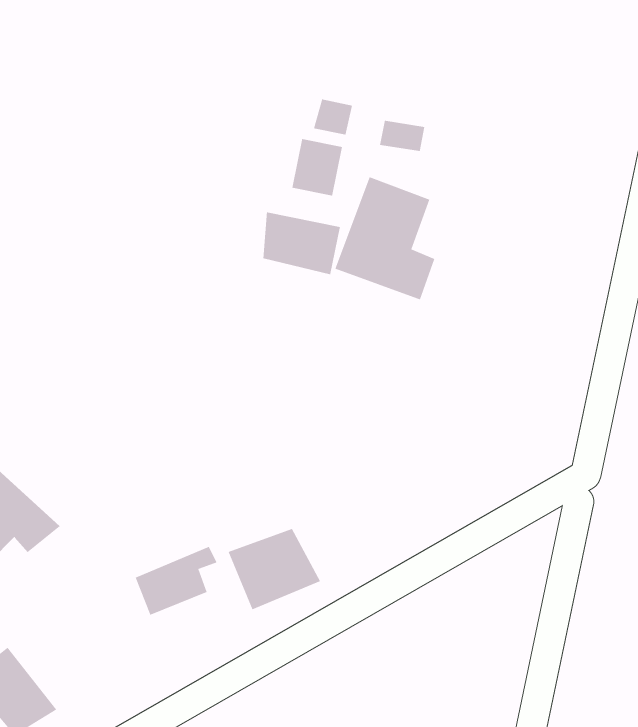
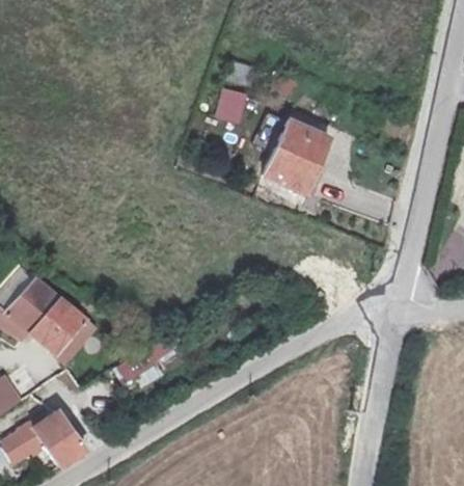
building: [263,212,340,275] -> none
building: [228,528,321,610] -> none

